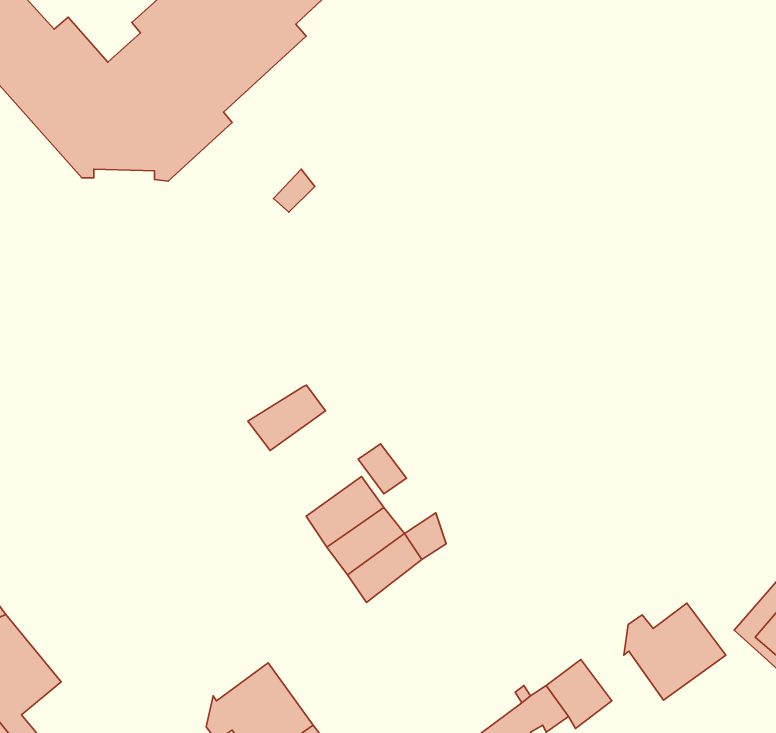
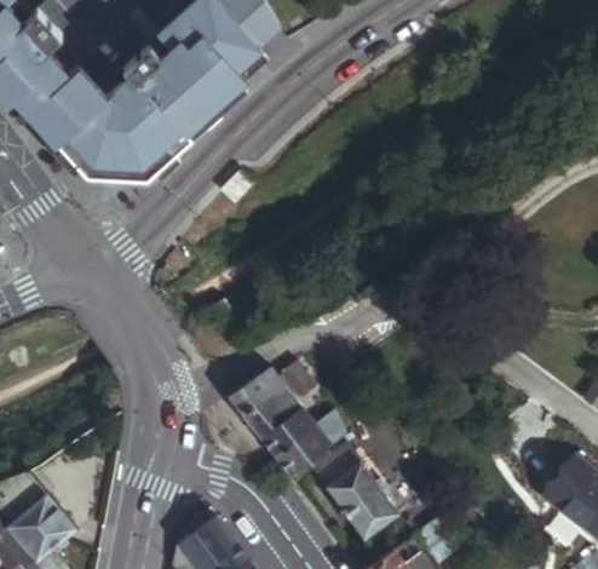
building: [248,385,325,451] -> [230,369,284,415]
building: none -> [314,444,396,536]
building: [624,603,726,700] -> none

